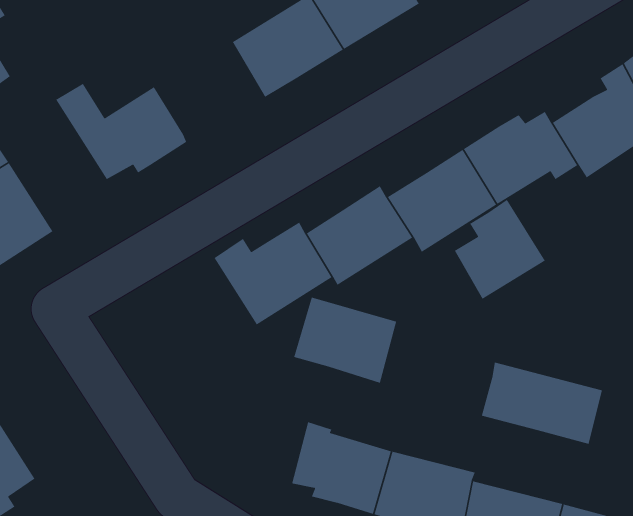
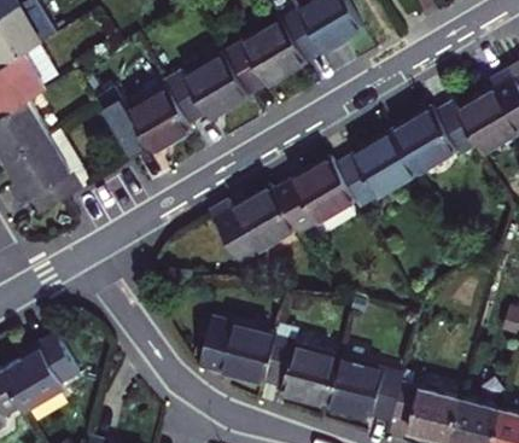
building: none -> [159,57,244,124]
building: [454,199,546,300] -> none
building: [293,296,397,384] -> [199,316,275,380]
building: [481,361,603,445] -> none

